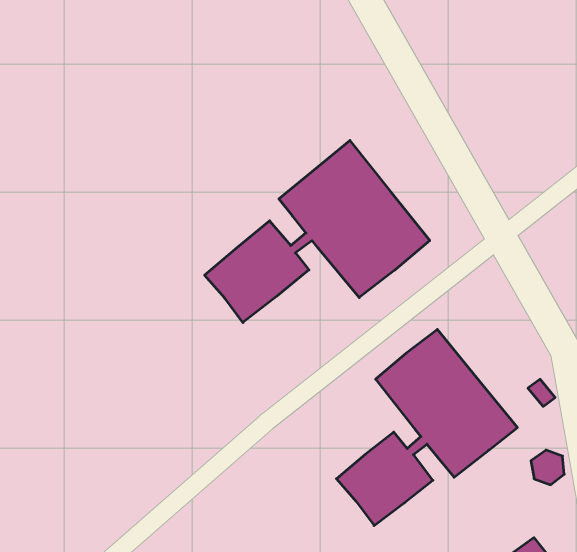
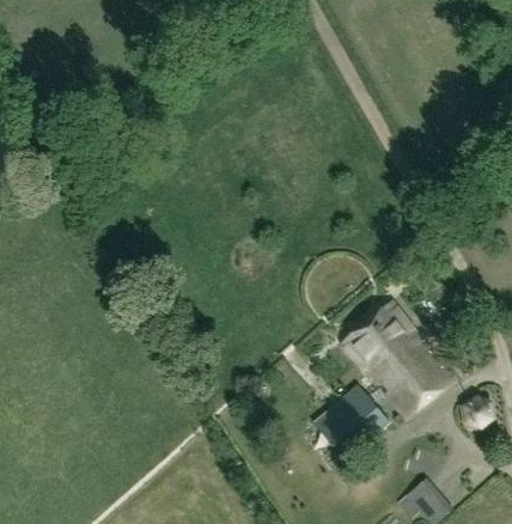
building: [205,140,430,323] -> none

